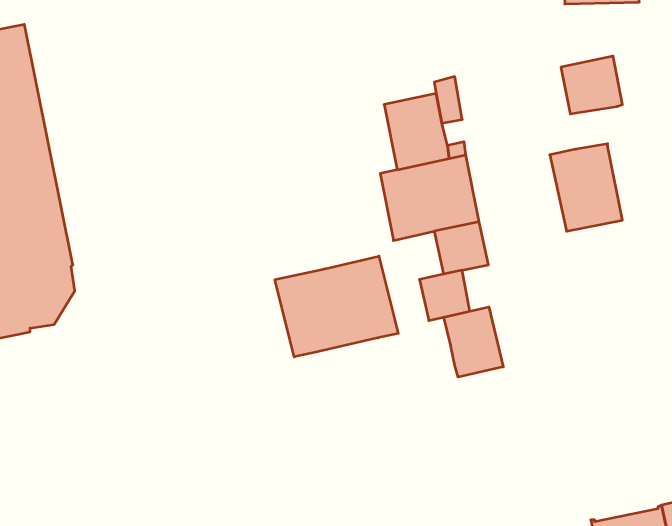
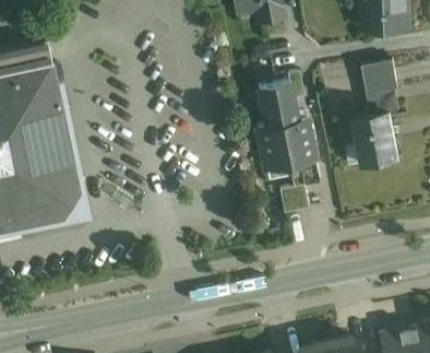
building: none -> [368,90,399,115]
building: [275,256,398,357] -> none
building: [444,307,503,377] -> none

